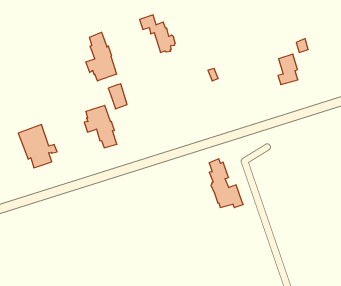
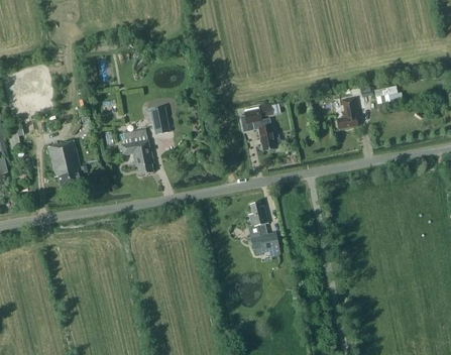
building: [140,15,175,52] -> [242,109,277,150]
building: [86,32,117,81] -> none

